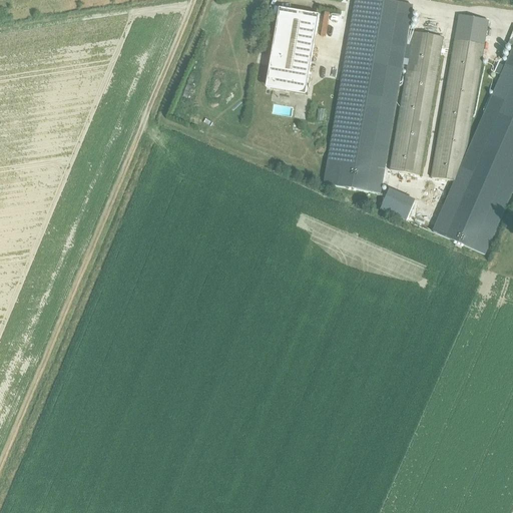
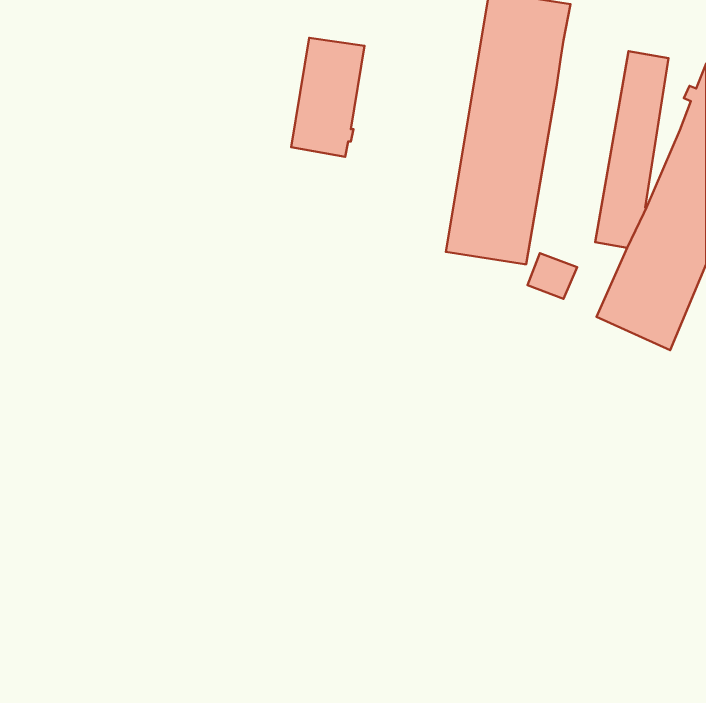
building: [266,7,319,93] -> [291,38,365,157]
building: [455,14,488,42] -> none
building: [389,29,442,173] -> none

